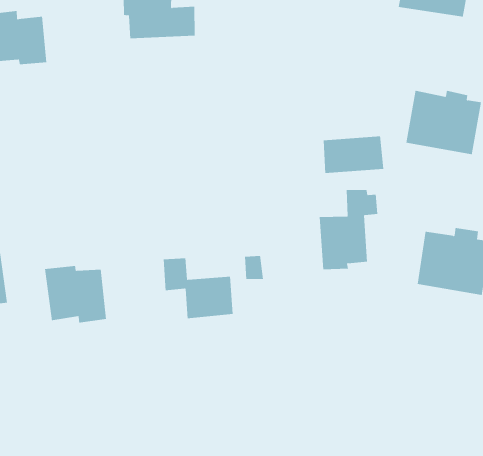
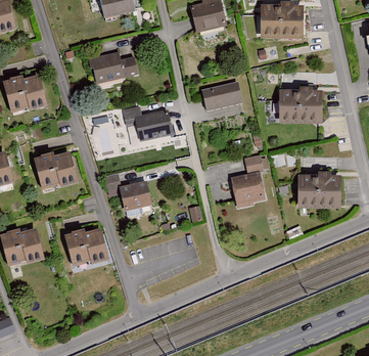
building: none -> [122,105,172,141]
building: [323,136,384,173] -> [200,82,241,110]
building: none -> [33,151,78,188]
building: [163,258,233,319] -> [102,173,151,211]

